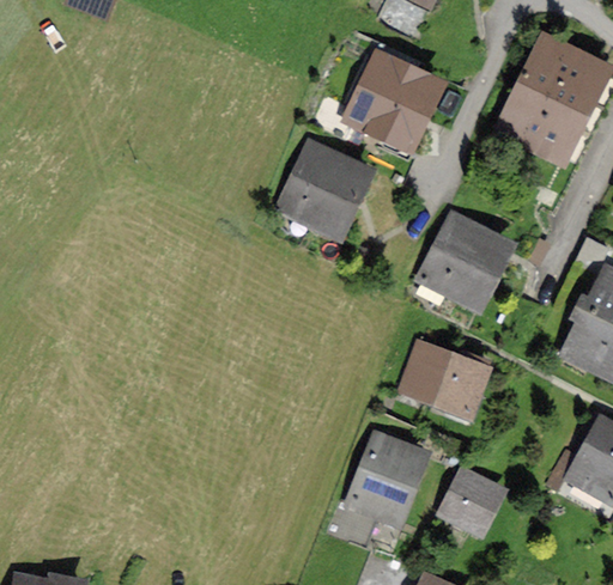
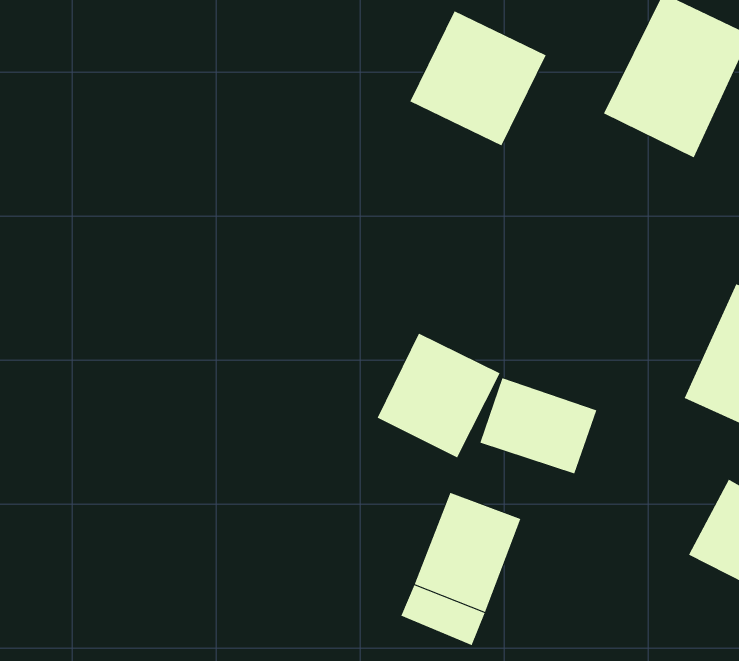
building: [278,139,374,233] -> none
building: [417,212,516,312] -> [377,333,501,458]
building: [437,468,506,541] -> none

